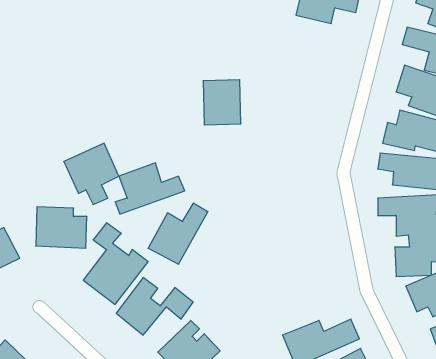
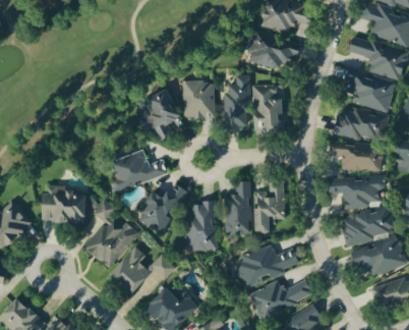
building: none -> [245,31,300,70]
building: none -> [223,75,247,127]
building: none -> [252,85,285,131]
building: [64,143,119,204] -> [134,90,180,141]
building: none -> [225,181,249,234]
building: none -> [253,181,284,232]
building: none -> [187,202,215,250]
building: none -> [233,244,299,289]

